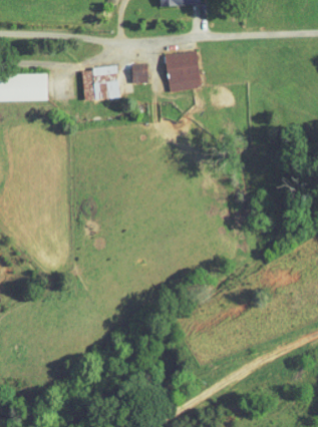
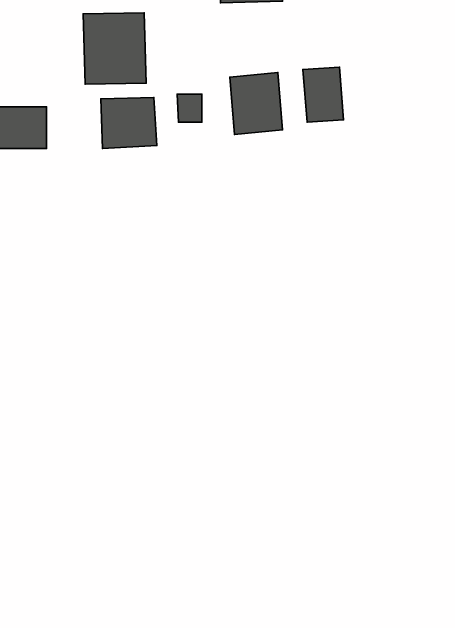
building: none -> [83,13,146,84]
building: none -> [303,67,344,122]

